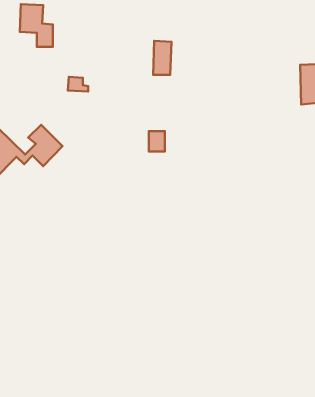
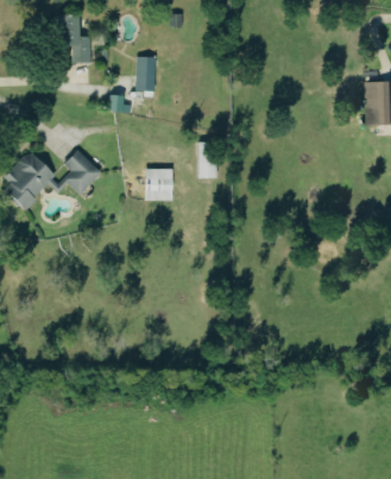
building: [153,41,171,75] -> [135,56,156,94]
building: none -> [143,168,171,201]

